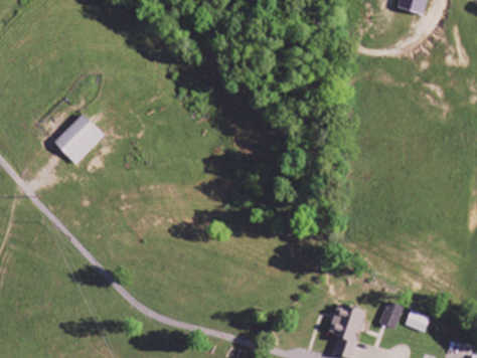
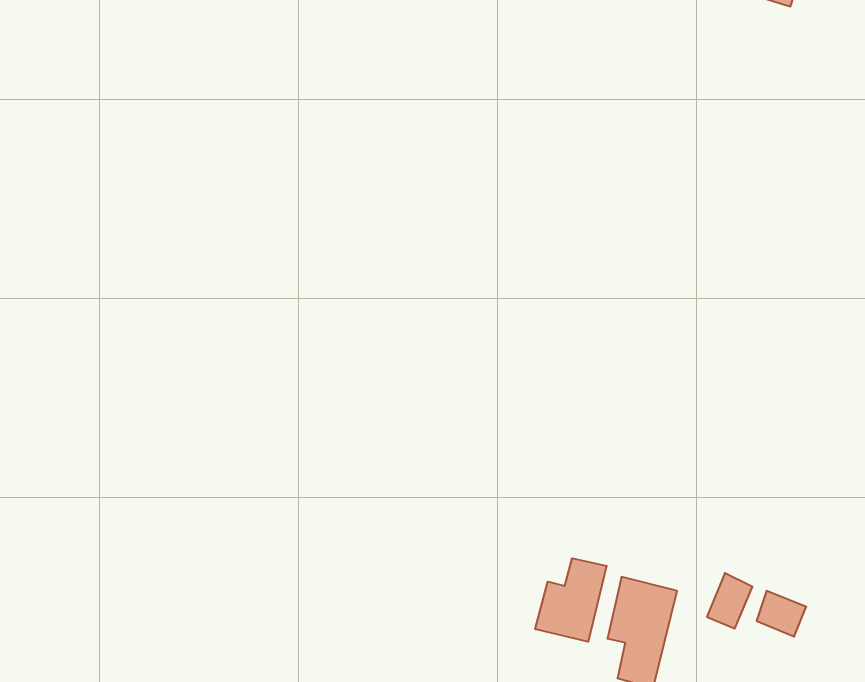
building: [53,114,105,164] -> none
building: none -> [535,558,607,642]

